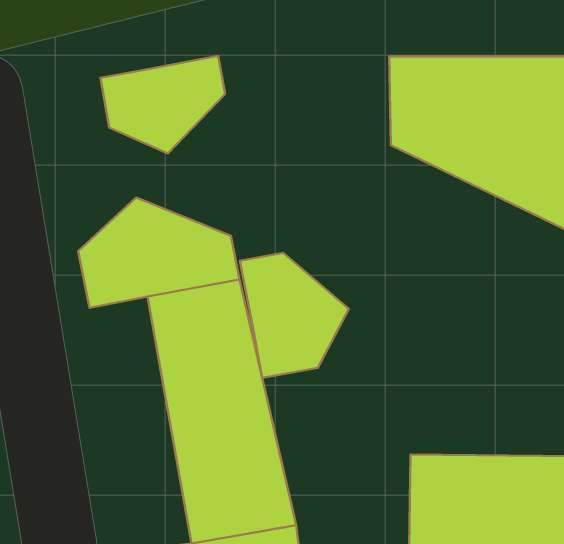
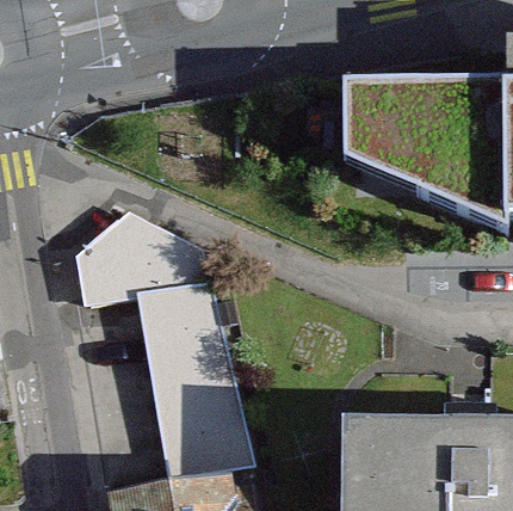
building: [100,56,225,154] -> none
building: [240,253,349,378] -> none

